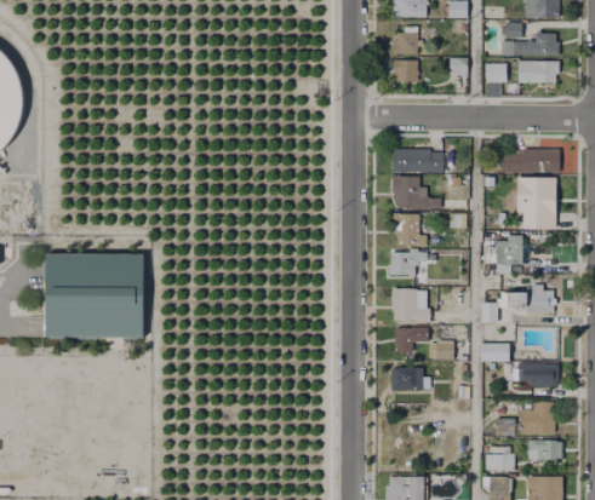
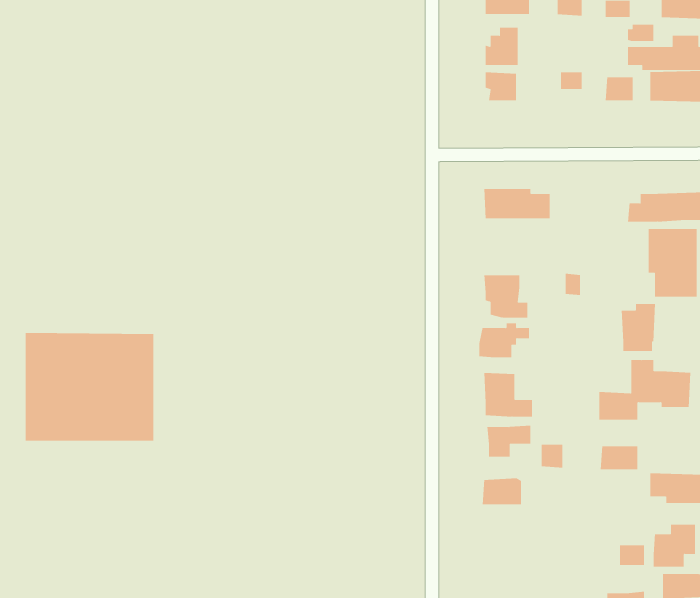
building: [391,174,440,207] -> none

